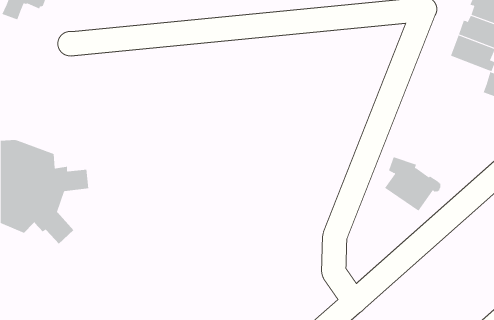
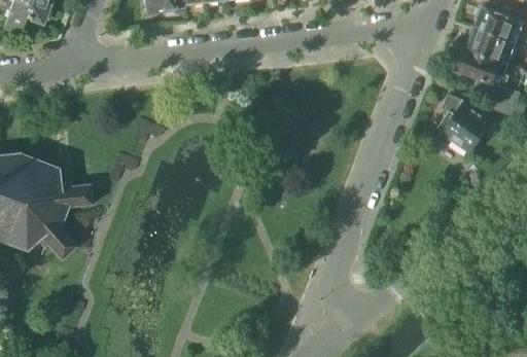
building: [384,156,441,211] -> [437,97,495,152]

